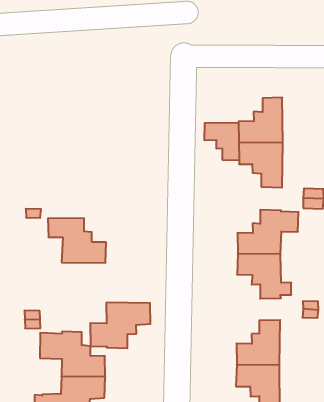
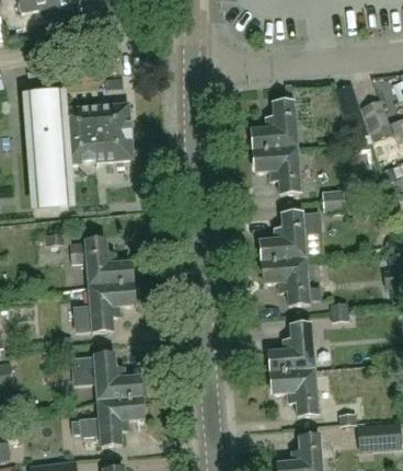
building: none -> [26,95,134,205]
building: [204,123,239,160] -> none
building: [90,303,150,348] -> [73,283,134,331]

